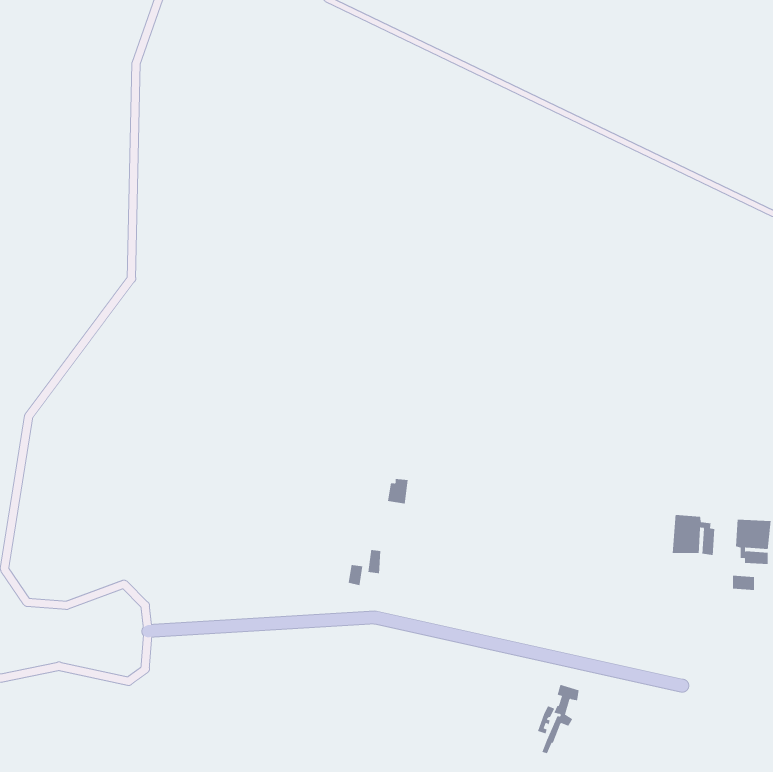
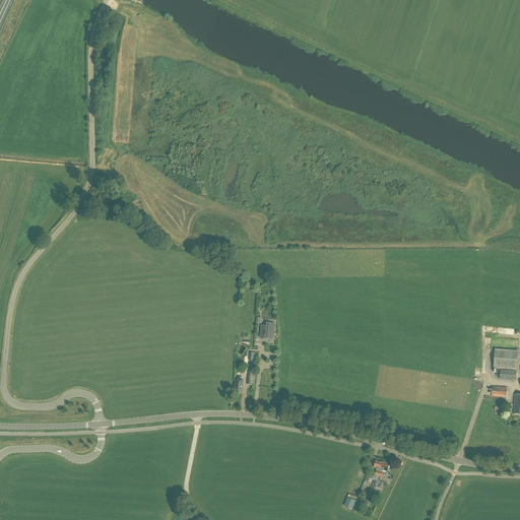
building: [672,514,715,556] -> none

